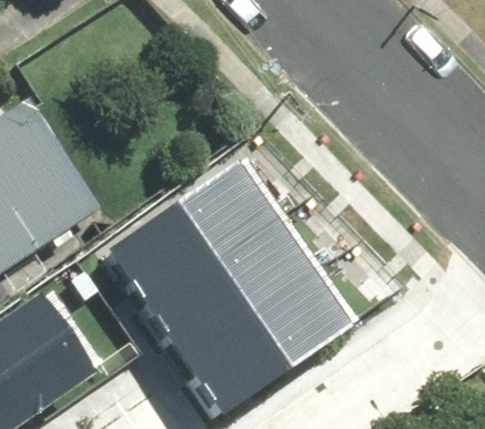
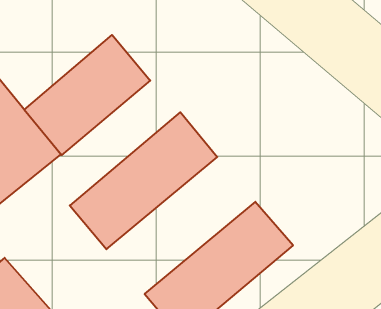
building: none -> [24,35,150,155]
building: [144,216,315,359] -> none

